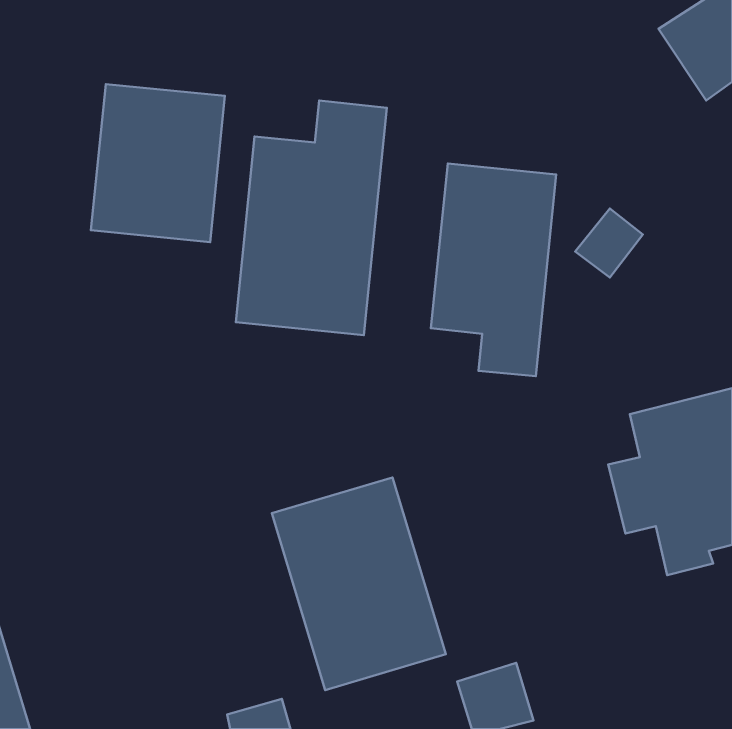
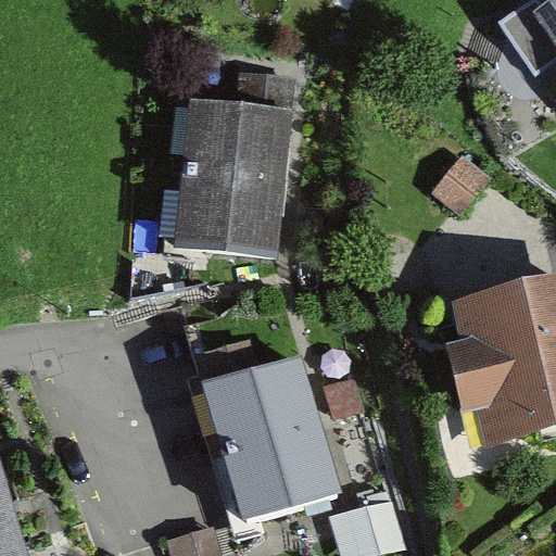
building: [91,84,225,242] -> none
building: [431,164,556,376] -> none

